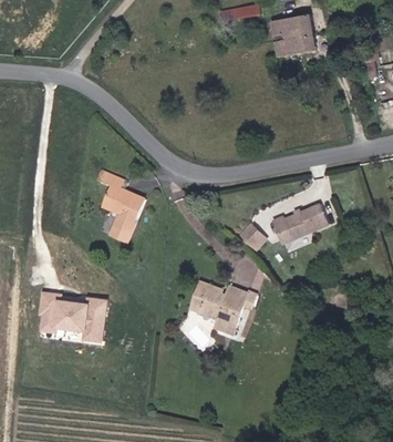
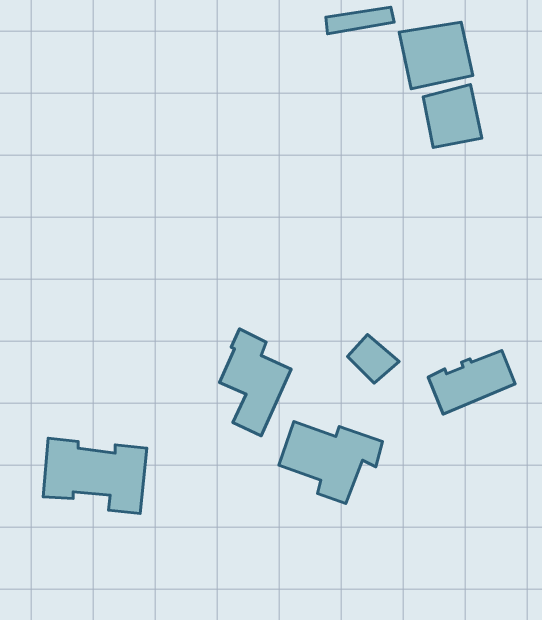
building: none -> [423,85,482,148]
building: [96,172,144,243] -> [219,329,291,436]
building: [273,203,331,245] -> [428,351,515,414]

